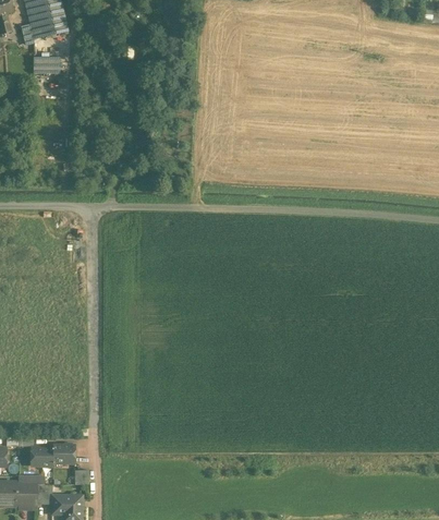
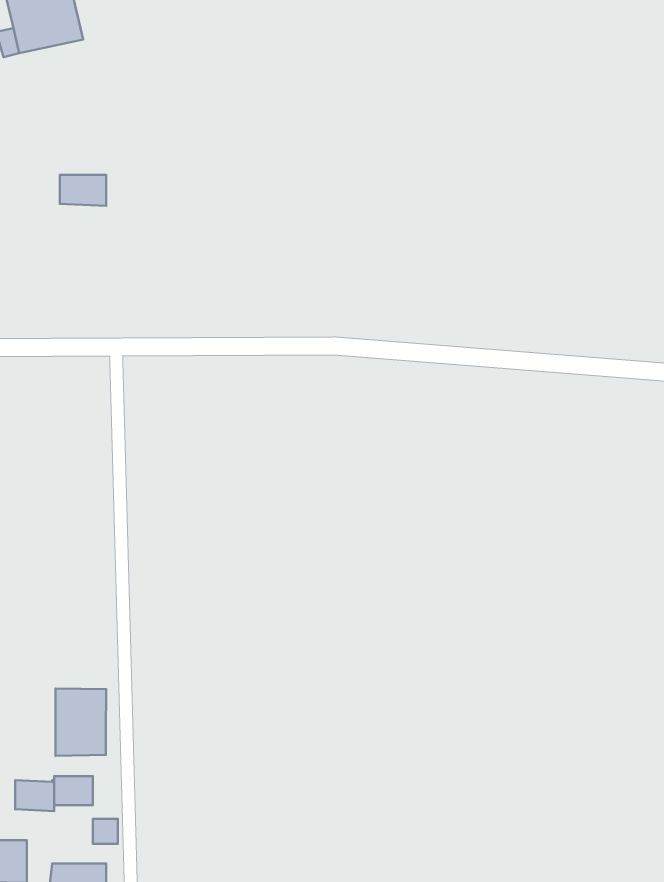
building: [33,56,59,73] -> [60,175,106,206]
building: none -> [55,688,106,756]

